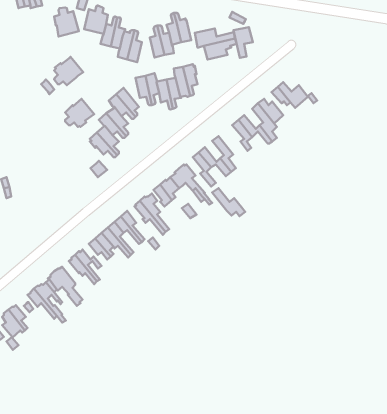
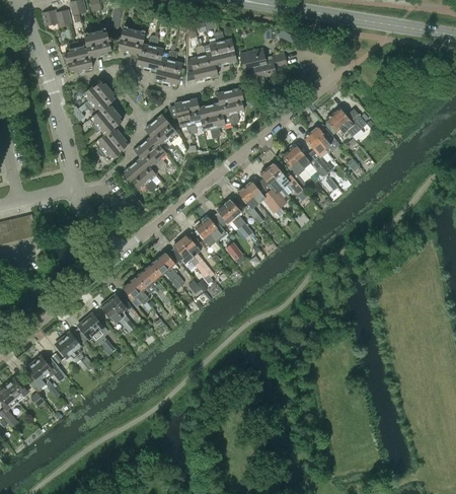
building: none -> [64,42,92,73]
building: [234,27,253,58] -> none
building: none -> [91,103,123,135]
building: [212,188,245,216] -> [267,163,303,195]

